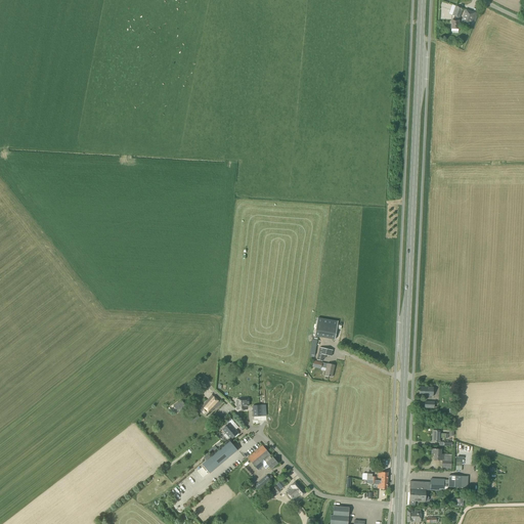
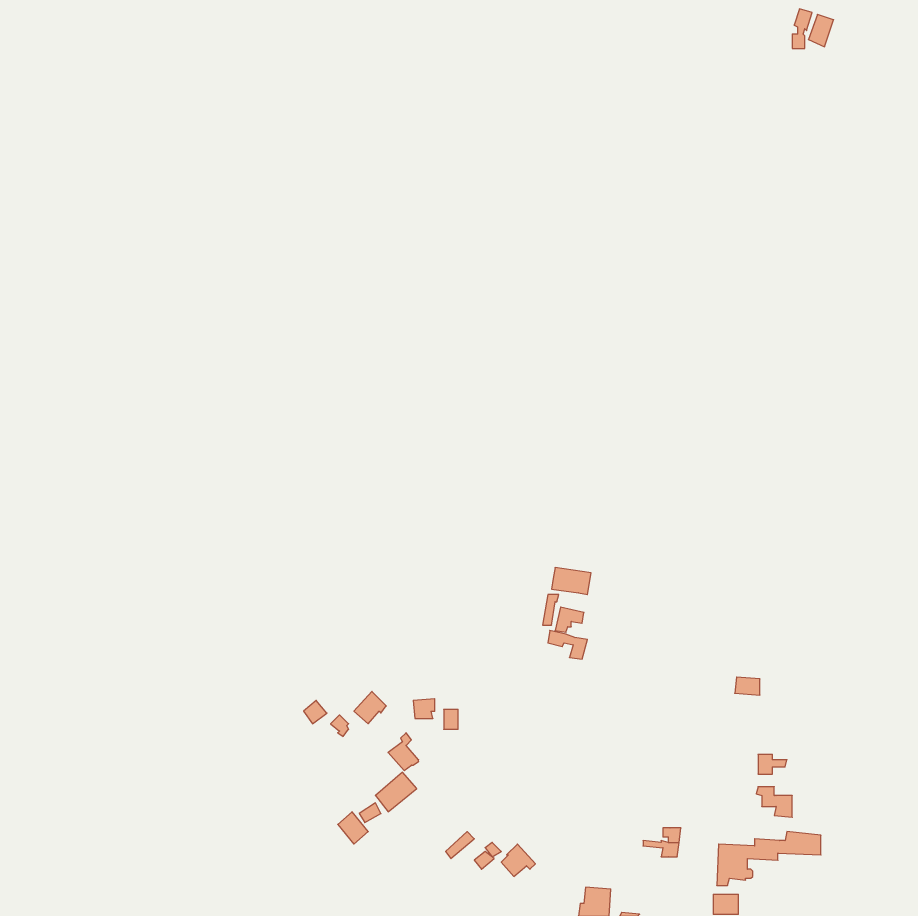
building: [248,444,277,470] -> none

